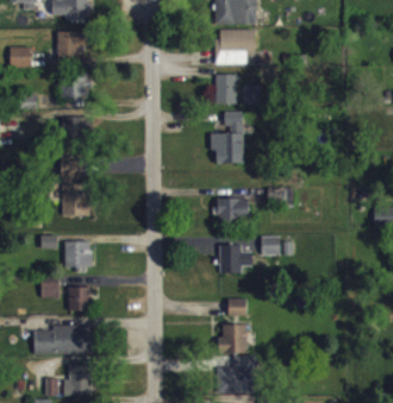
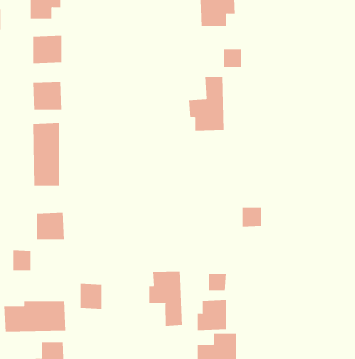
building: [216,75,236,105] -> none
building: [217,197,249,225] -> none
building: [219,246,252,273] -> none
building: [69,286,91,311] -> [80,283,102,309]
building: none -> [149,271,183,327]

